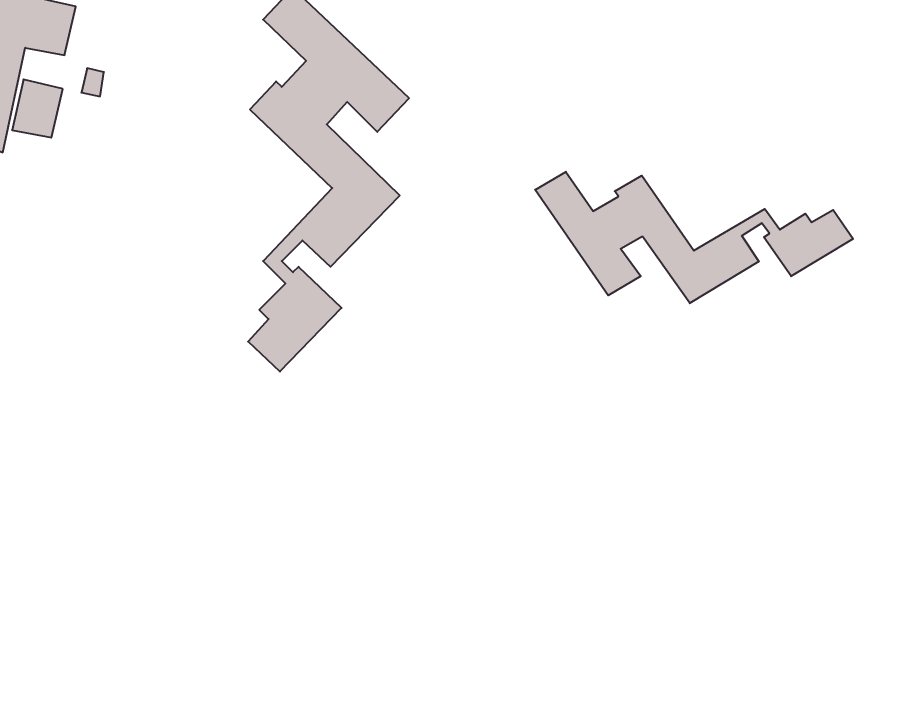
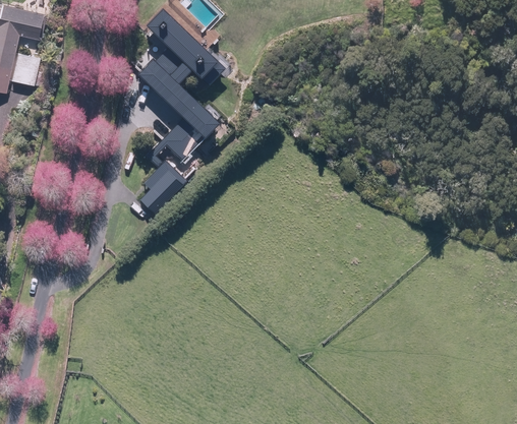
building: [535,172,853,303] -> none

